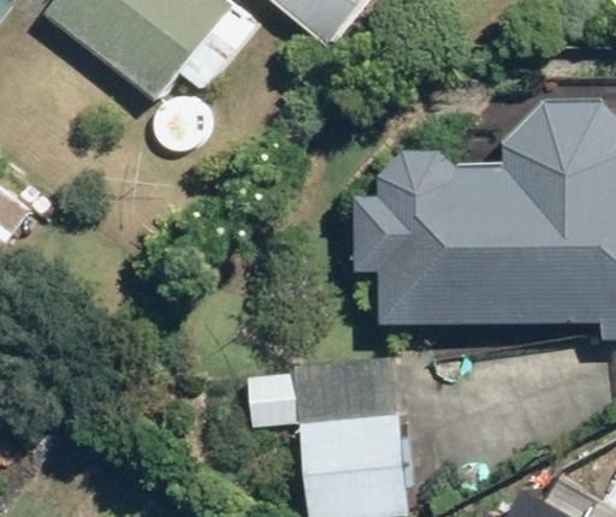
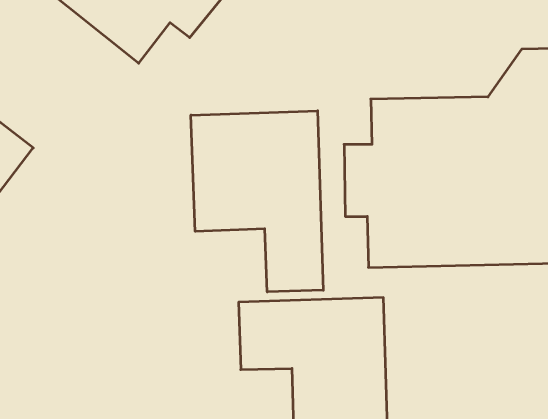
building: none -> [191,111,323,292]

